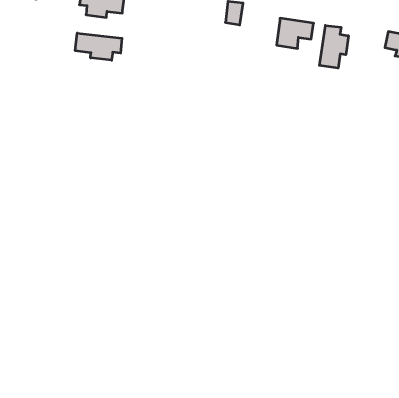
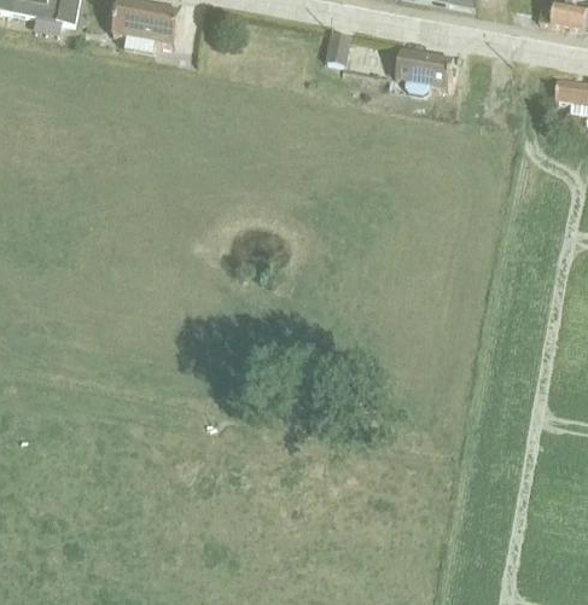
building: [319,25,348,68] -> none
building: [75,33,122,60] -> none

